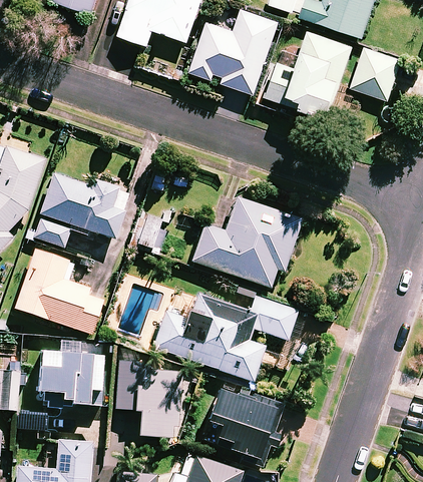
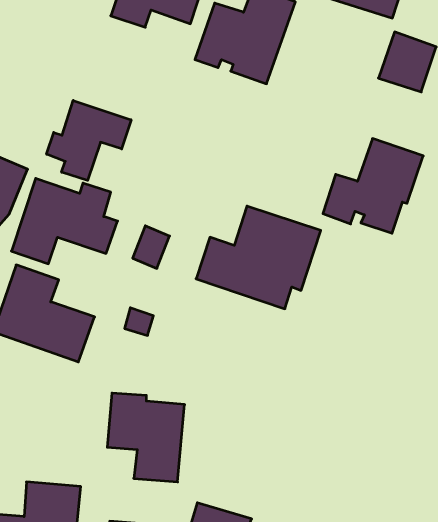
building: [266,29,353,111] -> [323,139,423,233]
building: none -> [47,100,131,180]
building: [154,294,297,381] -> none
building: [39,346,102,408] -> none
building: [203,390,276,455] -> none

